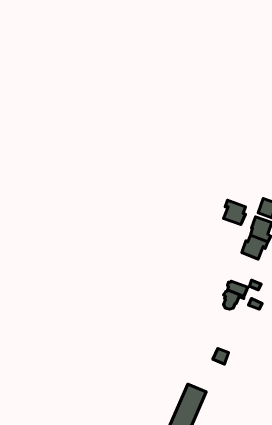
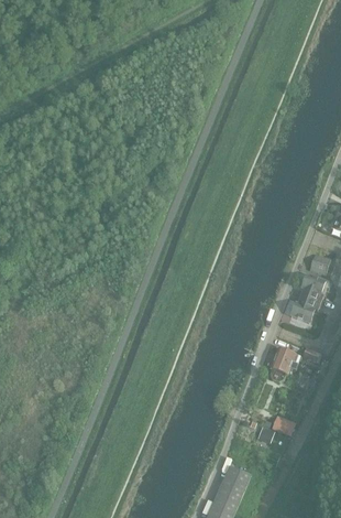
building: [223,200,245,225] -> none

